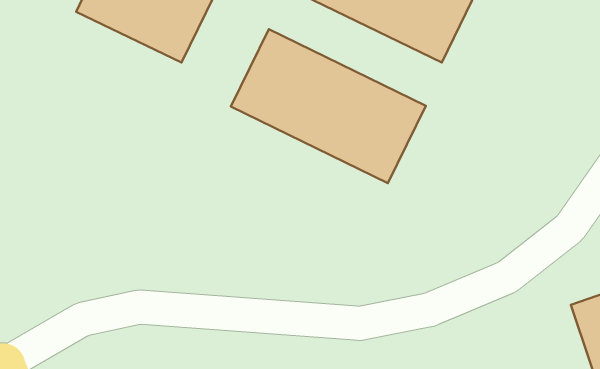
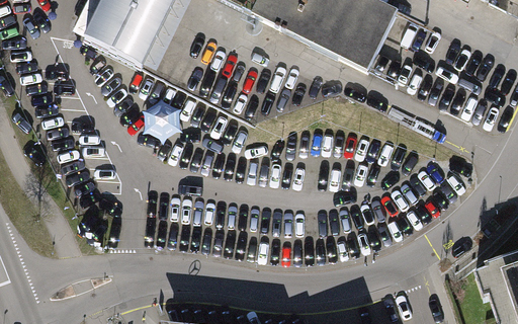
building: [231,29,426,183] -> none

